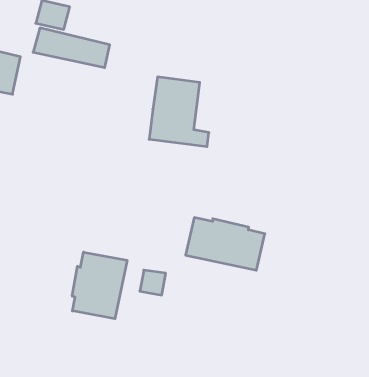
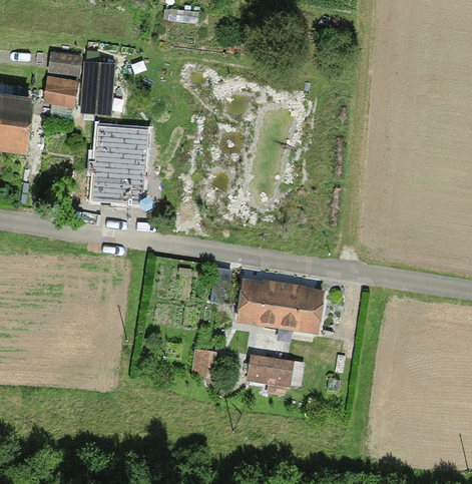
building: [149,77,209,147] -> [92,127,159,202]
building: [72,252,127,319] -> none
building: none -> [244,354,303,393]

